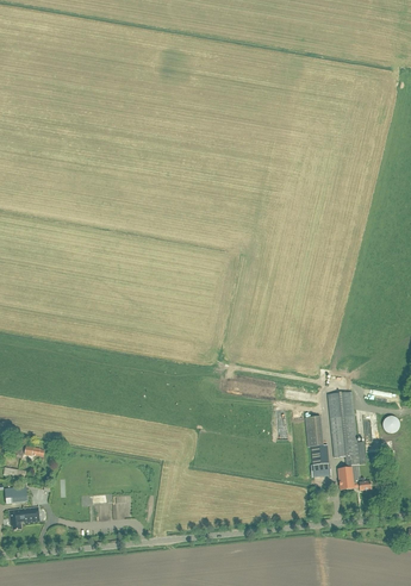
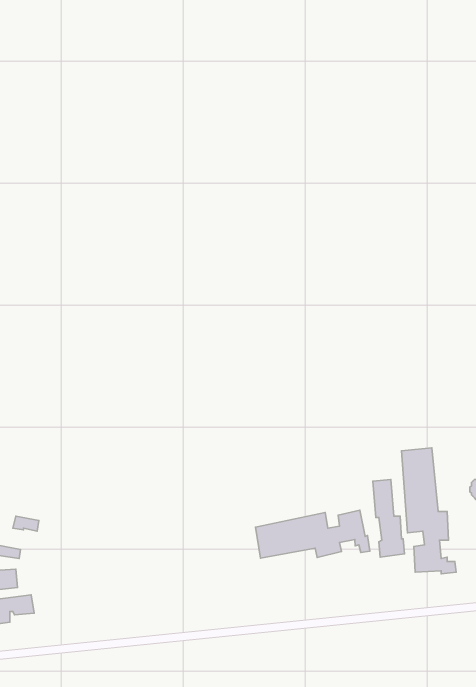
building: none -> [256,510,370,558]

